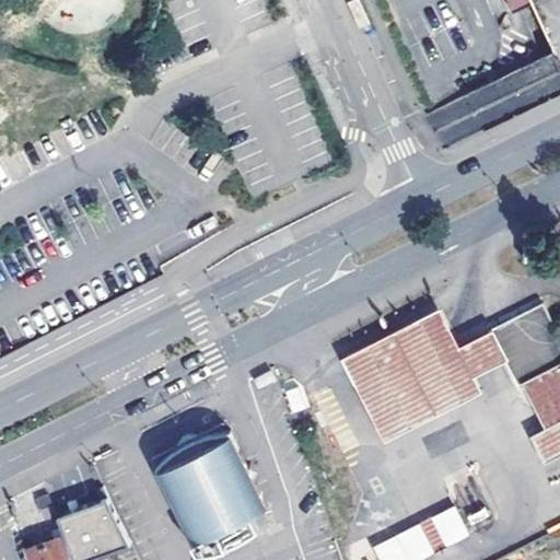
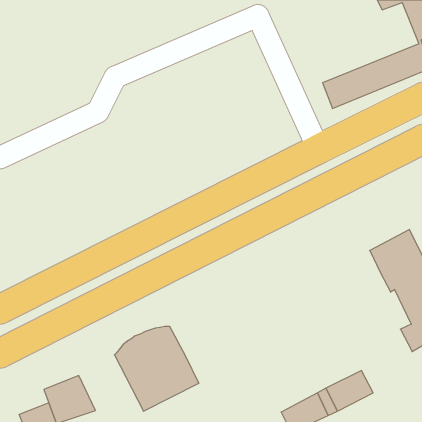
building: [341,310,504,443] -> none

